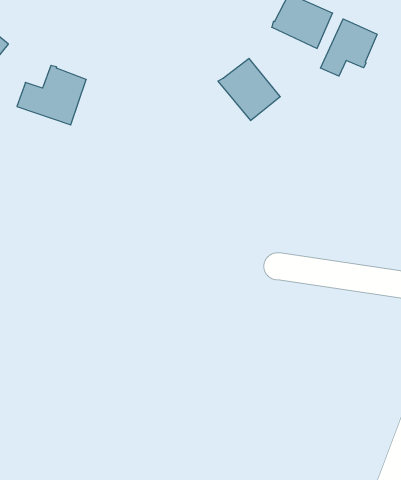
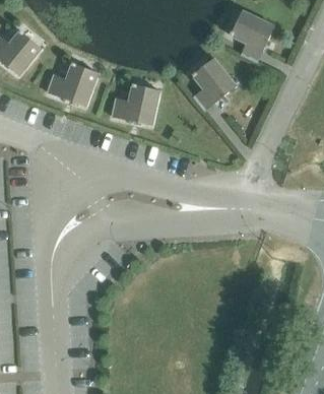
building: [321,19,377,76] -> none
building: none -> [112,83,158,125]

